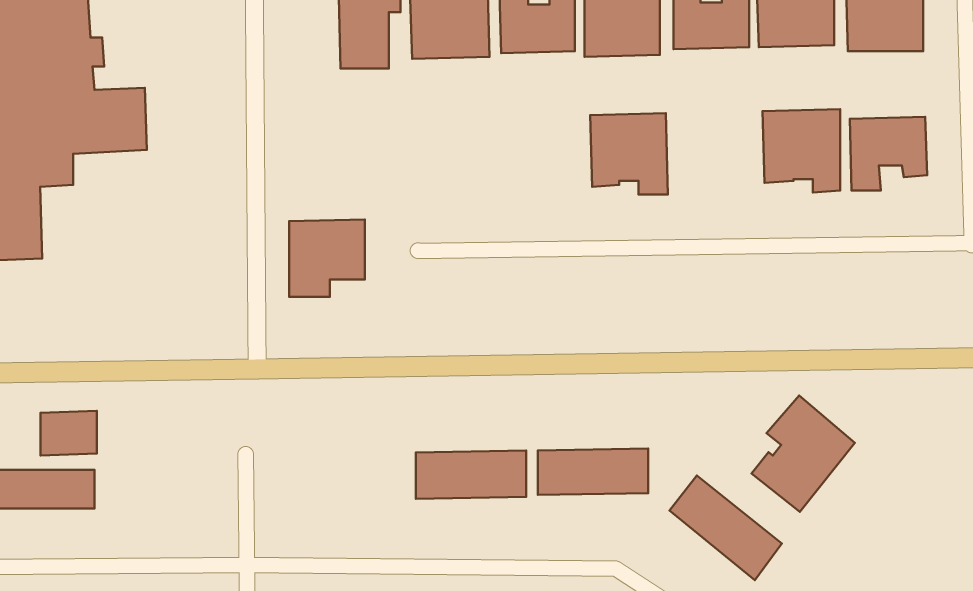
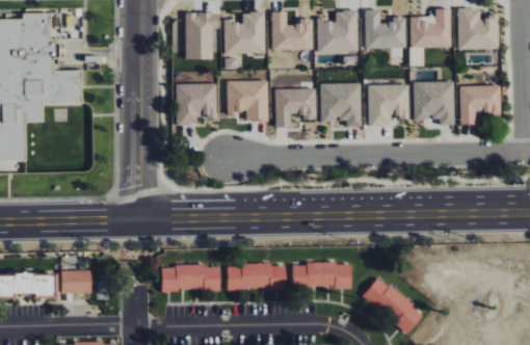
building: none -> [227,80,268,122]
building: none -> [368,85,408,126]
building: none -> [274,88,316,127]
building: [289,219,365,297] -> [176,83,216,125]
building: [751,395,855,512] -> none
building: [41,411,97,455] -> [61,270,91,294]
building: none -> [161,265,220,291]

